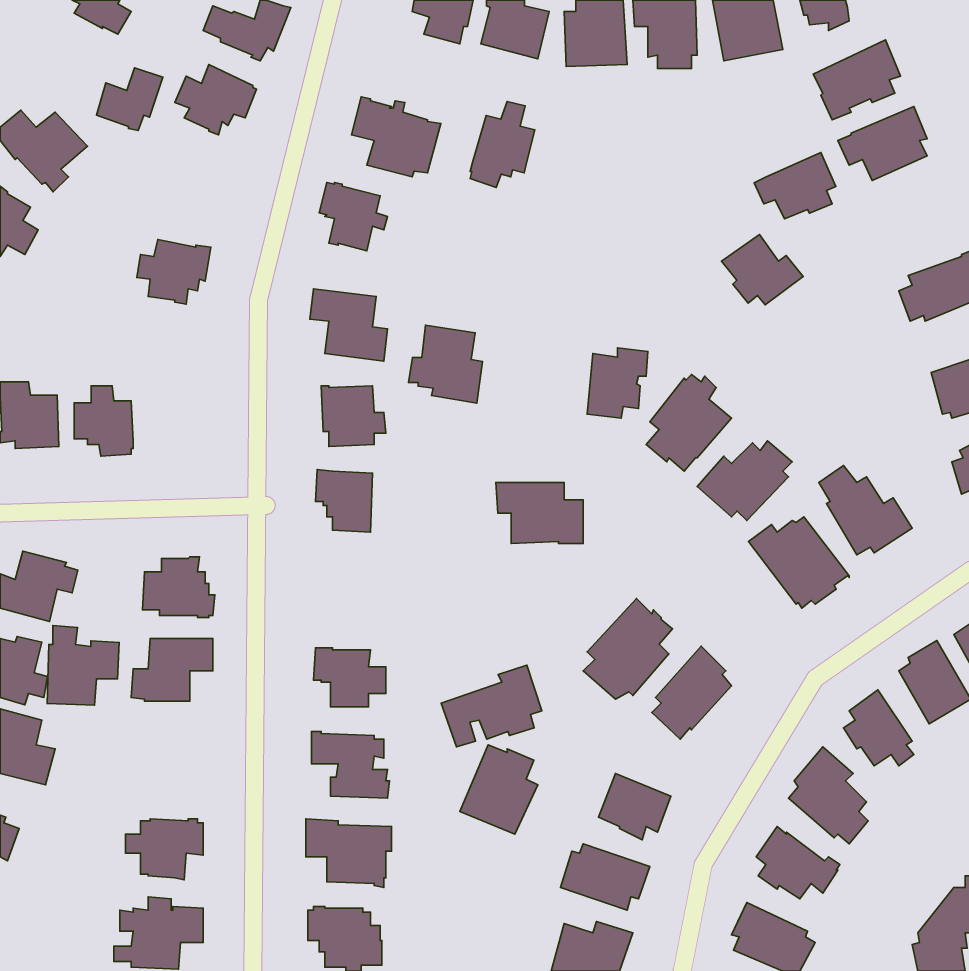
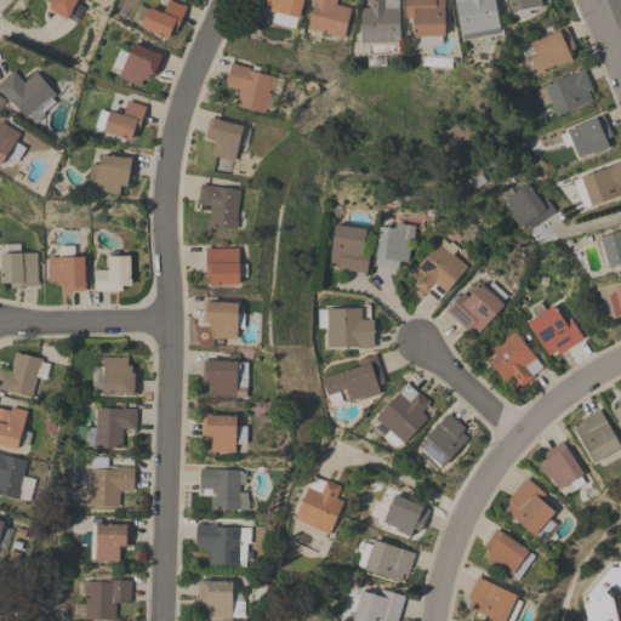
building: [96,68,163,130] -> [104,99,147,139]
building: [470,101,535,187] -> none
building: [754,152,836,219] -> [560,114,613,156]
building: [722,235,803,305] -> [503,183,556,228]
building: [409,325,483,403] -> [324,223,371,273]
building: none -> [95,250,131,290]
building: none -> [203,359,247,398]
building: [47,626,119,705] -> [89,456,135,507]
building: [441,665,542,747] -> [321,353,386,405]

